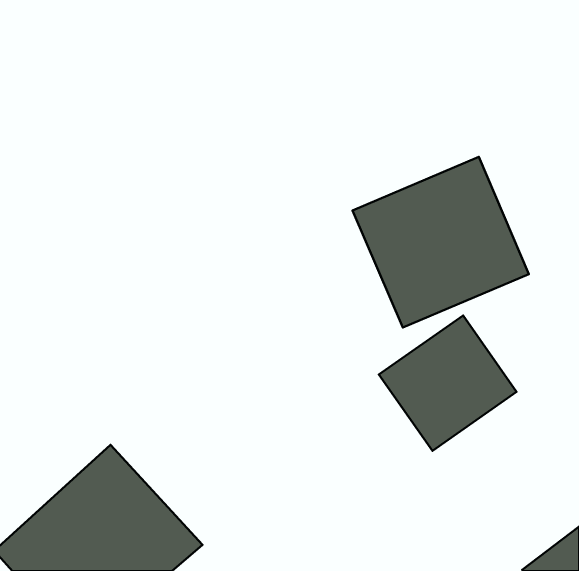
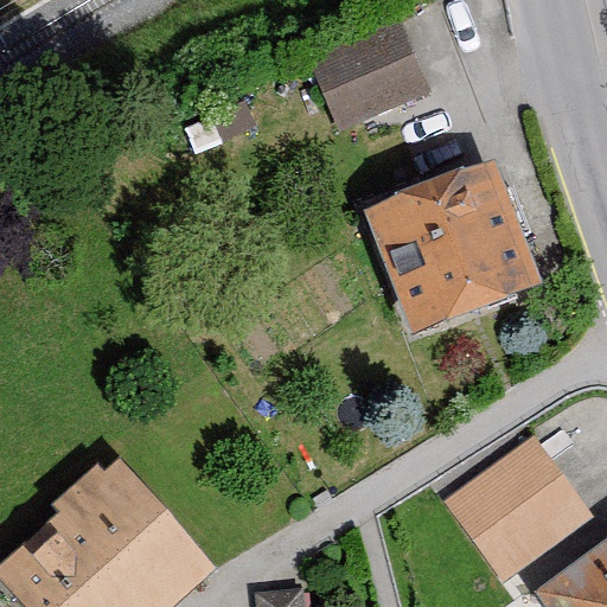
building: none -> [309,21,424,122]
building: [379,315,517,451] -> [439,436,582,577]

